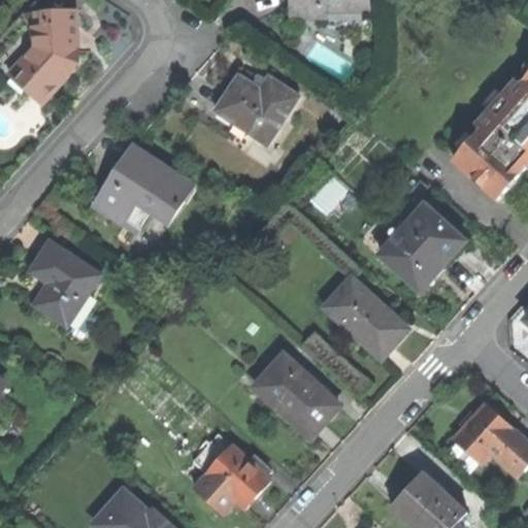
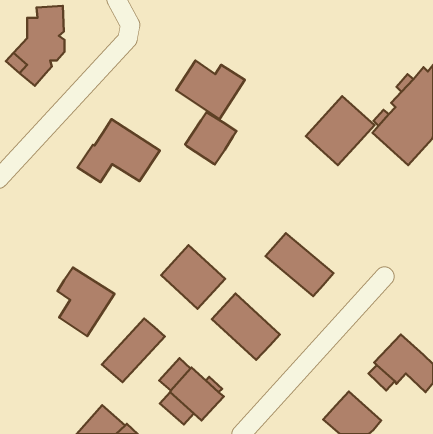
building: none -> [185,112,237,165]
building: [383,203,466,287] -> [306,96,375,165]
building: [32,240,101,324] -> [57,267,114,336]
building: none -> [161,245,225,309]
building: none -> [102,318,165,382]

